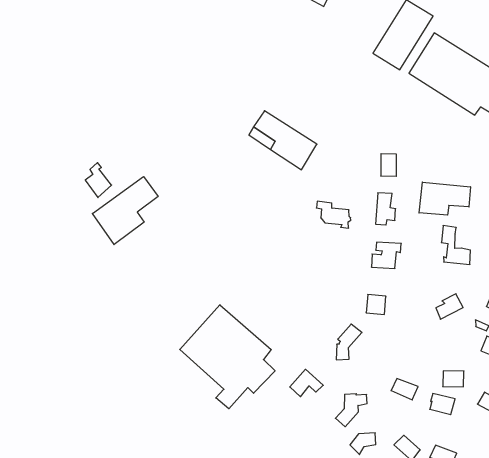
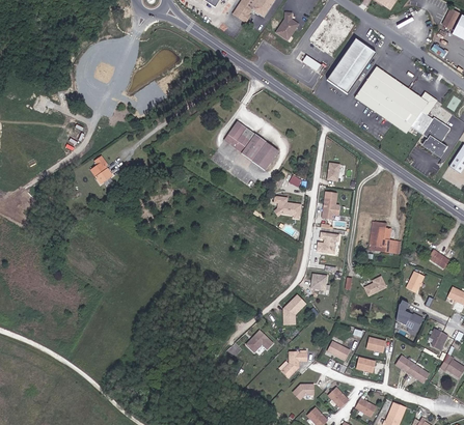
building: [92,177,158,245] -> none
building: [419,182,470,215] -> none
building: [180,305,275,409] -> none

